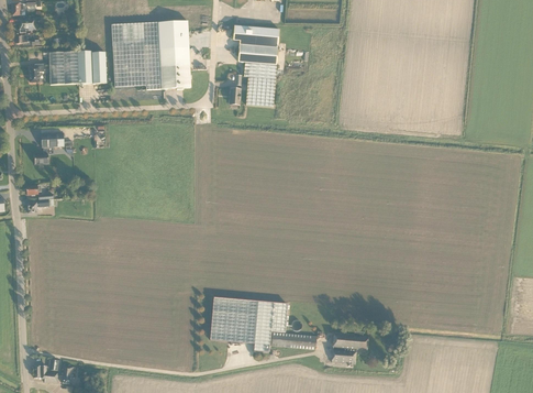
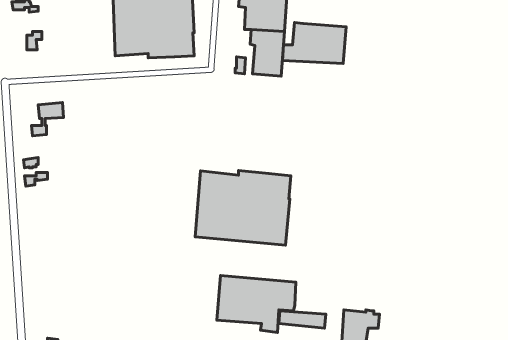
building: [48,50,106,84] -> none
building: none -> [282,22,346,63]
building: none -> [195,171,291,245]

